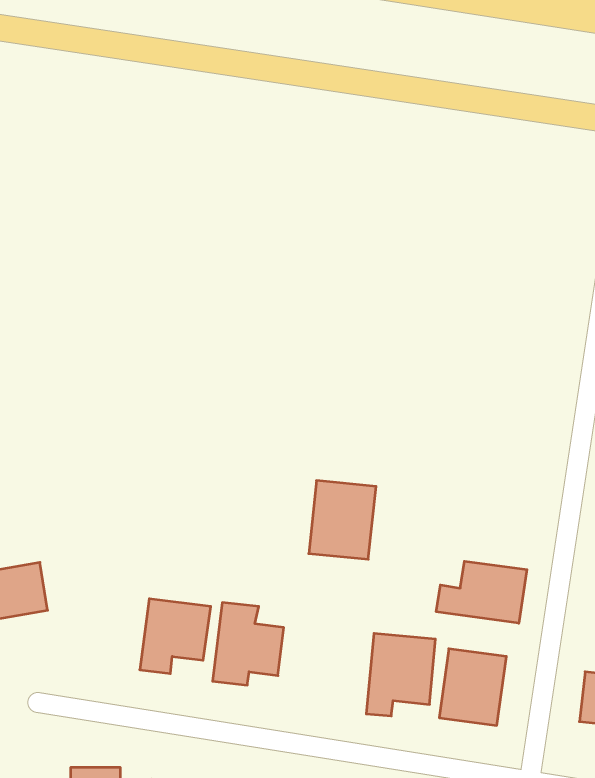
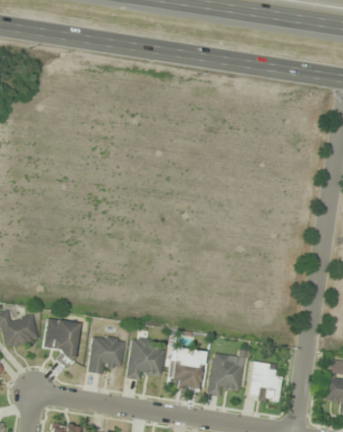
building: [309,481,376,559] -> [168,349,204,390]
building: [436,561,527,623] -> none
building: none -> [45,318,79,366]

